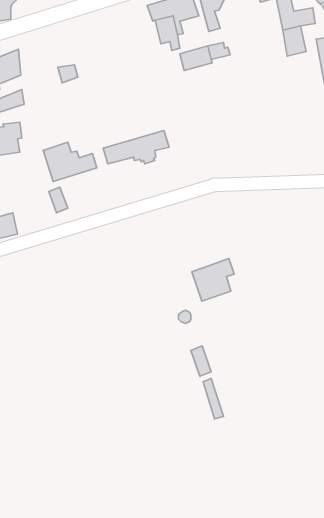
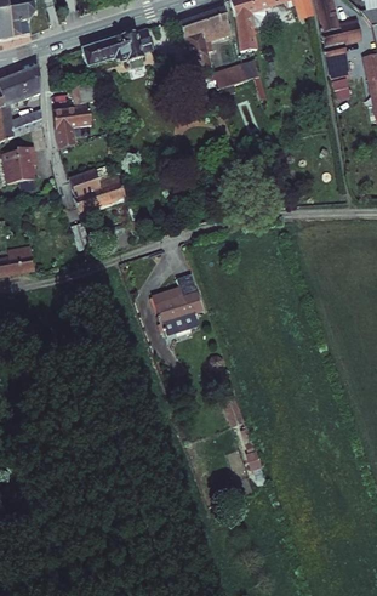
building: none -> [55,107,84,143]
building: [103,130,169,164] -> [81,28,153,64]
building: [192,259,234,301] -> [158,285,204,331]

